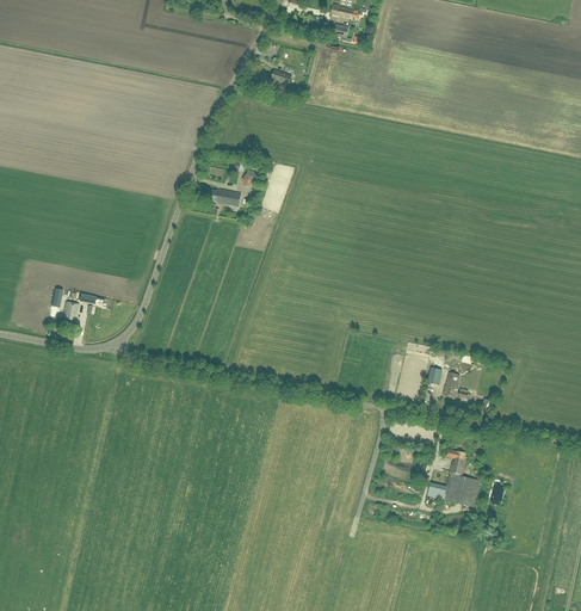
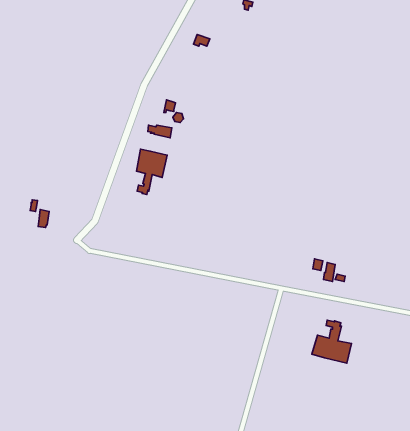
building: none -> [137,149,167,194]

